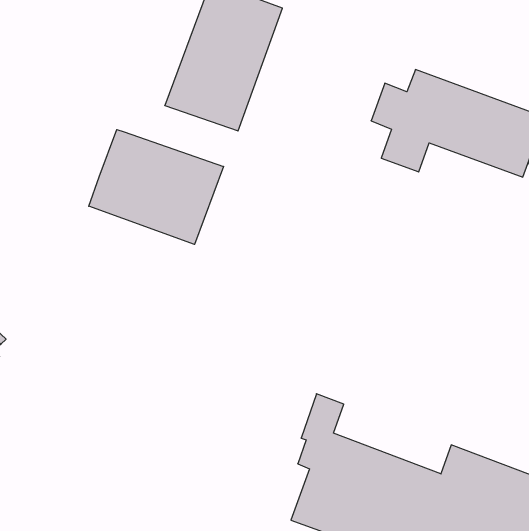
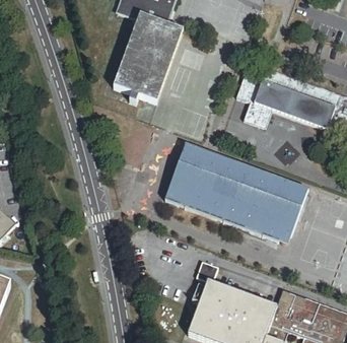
building: [89,130,224,244] -> none
building: none -> [164,141,308,242]

